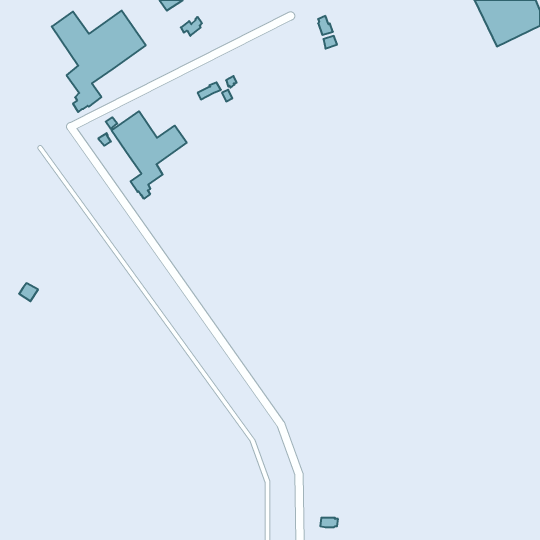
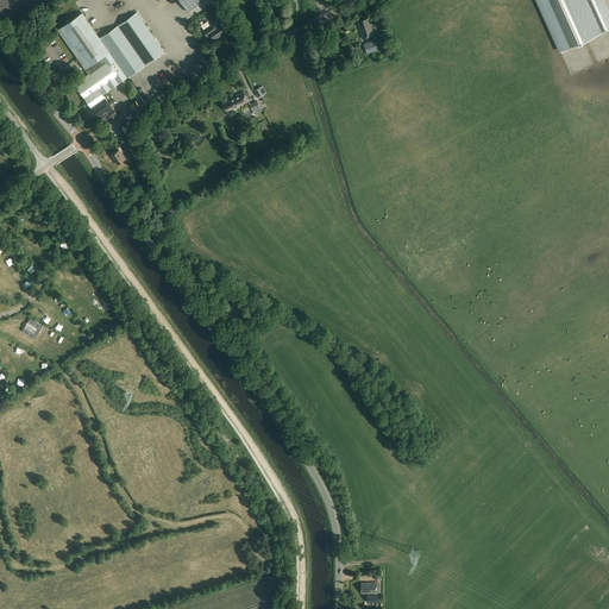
building: [112,111,187,199] -> none

